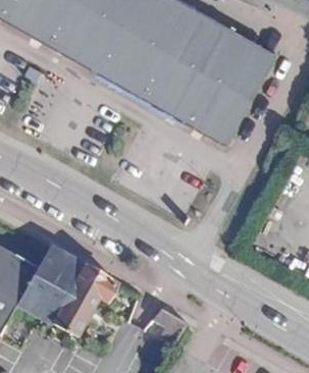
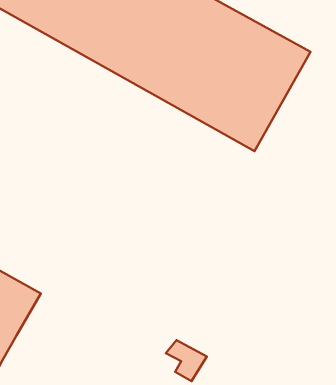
building: [18,247,118,338] -> none

